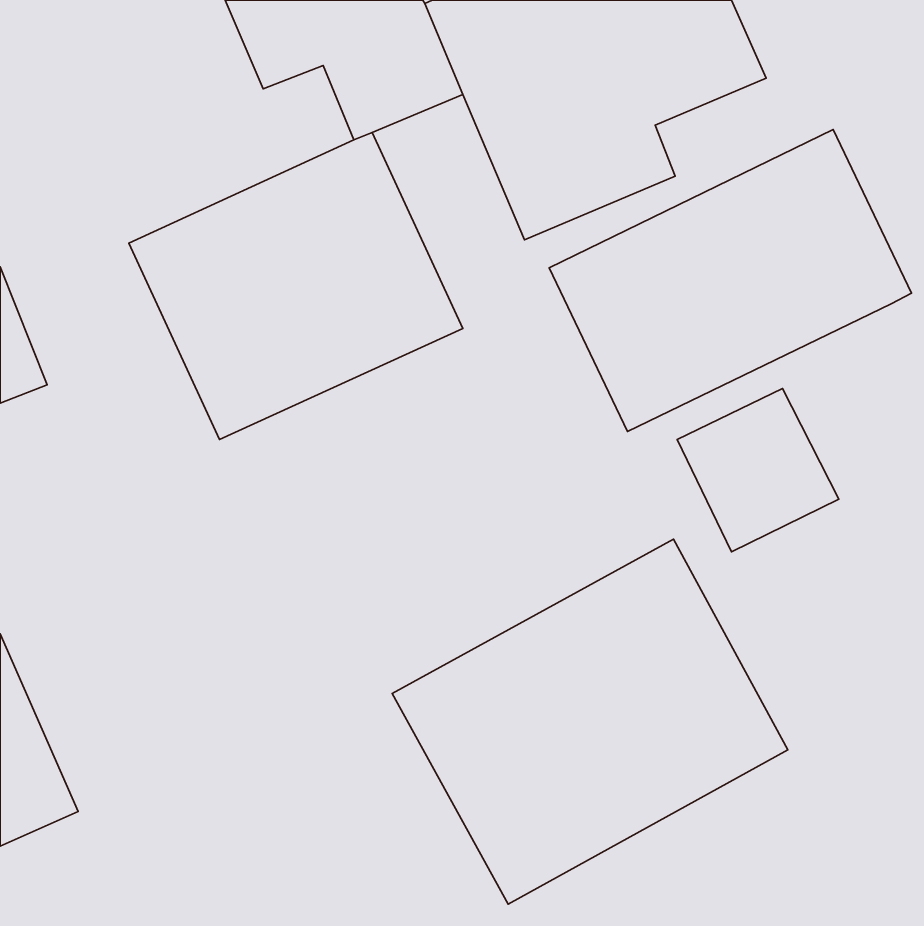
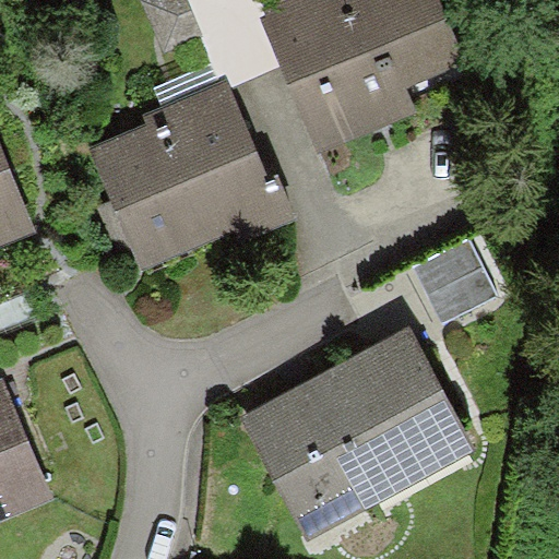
building: [549,129,912,432] -> none

